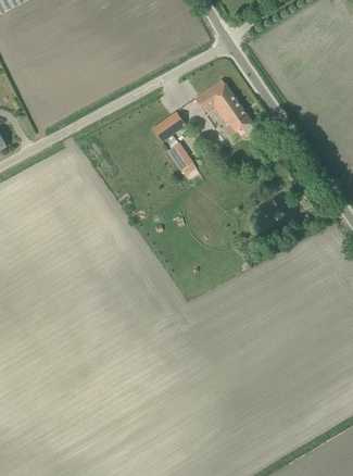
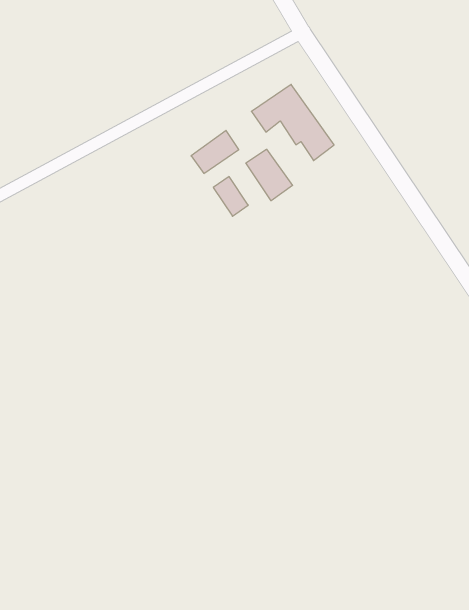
building: none -> [246,149,293,201]

